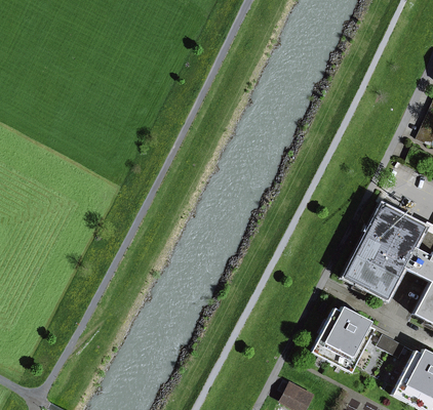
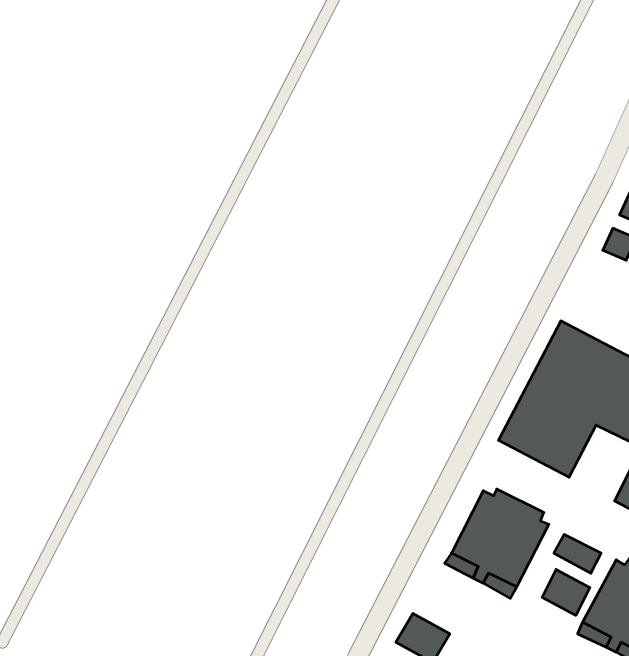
building: none -> [542,569,590,615]

